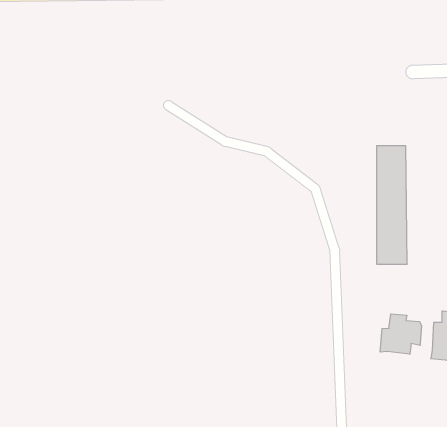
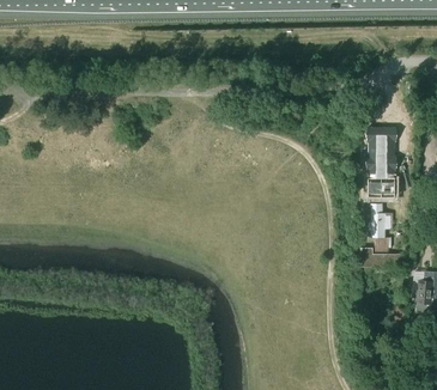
building: [380,314,421,354] -> none

